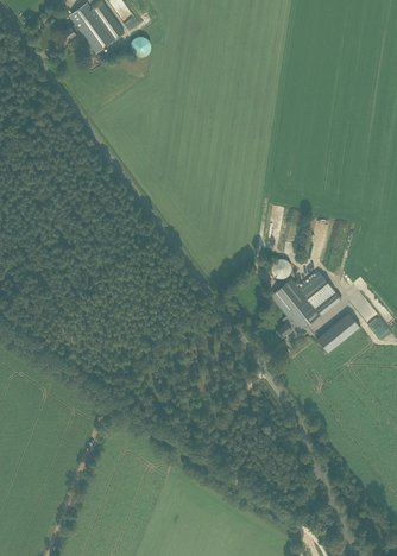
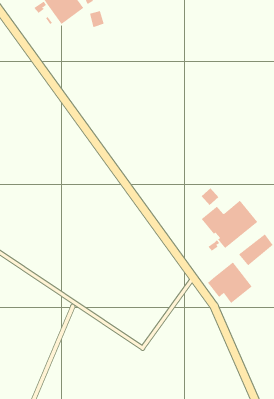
building: none -> [207,262,252,304]

